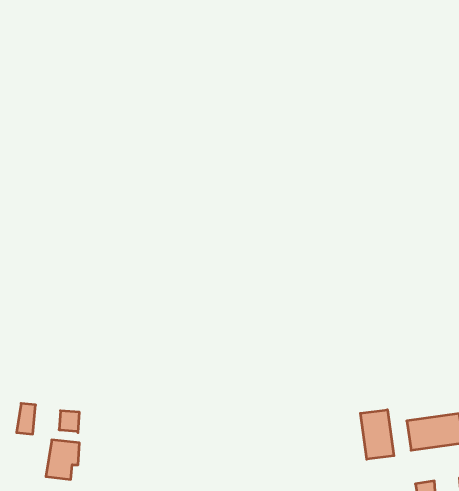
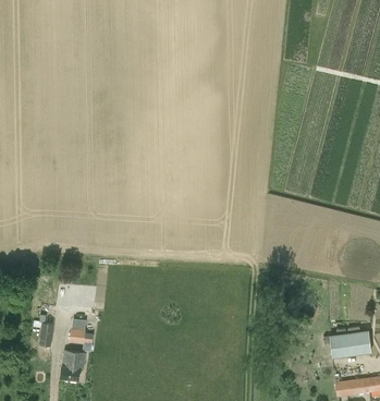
building: [360,410,394,459] -> none

